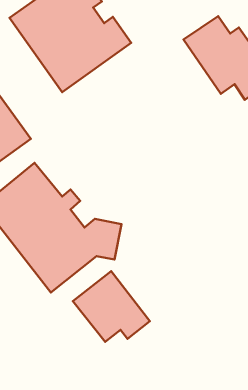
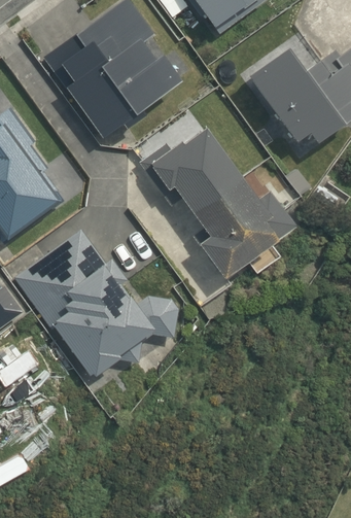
building: none -> [148,124,296,287]
building: [73,271,150,342] -> none

